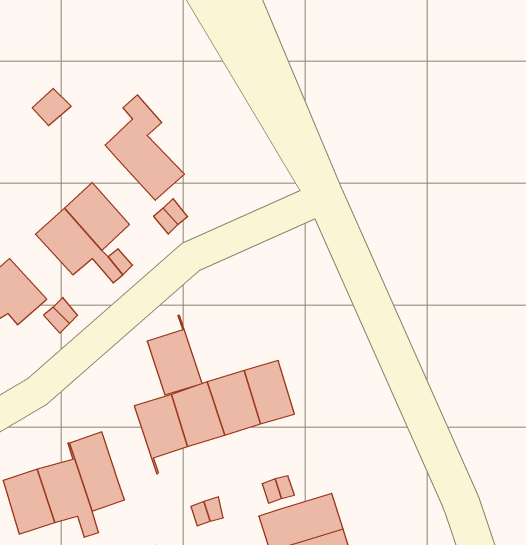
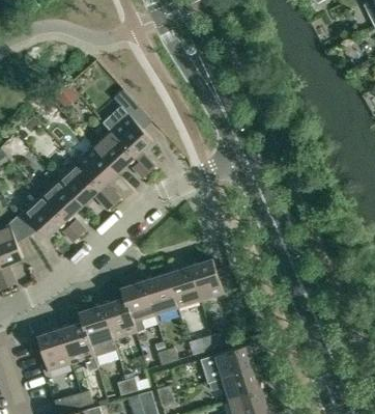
building: none -> [94,131,135,172]
building: none -> [41,178,82,220]
building: [147,315,202,395] -> [100,288,136,339]

